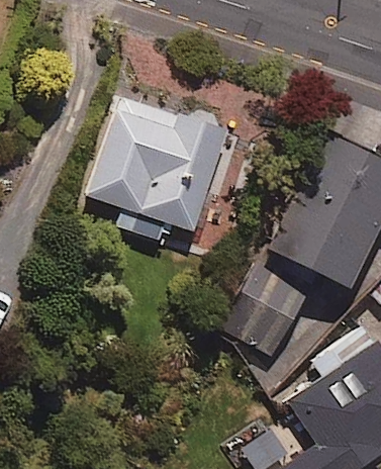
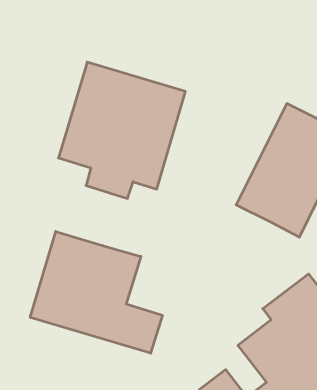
building: [239,248,321,357] -> none
building: none -> [30,231,162,353]

